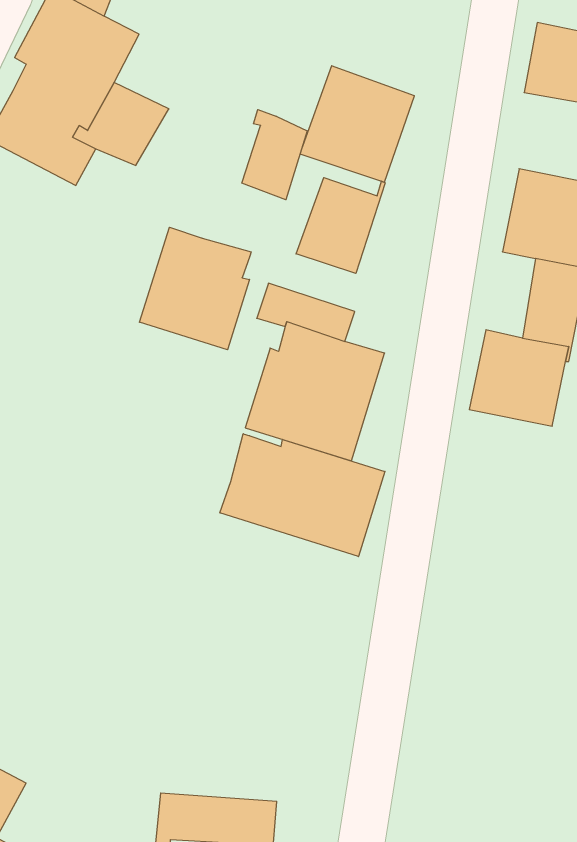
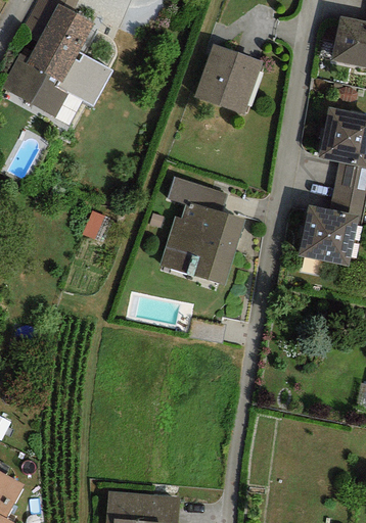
building: [242,110,307,200] -> none
building: [296,178,385,273] -> none
building: [139,227,251,350] -> none
building: [220,434,385,557] -> none

